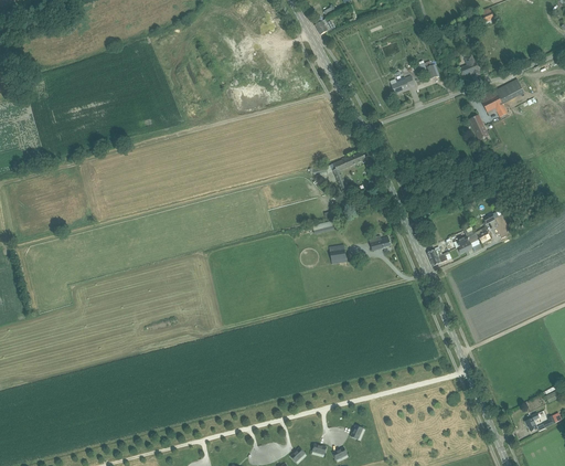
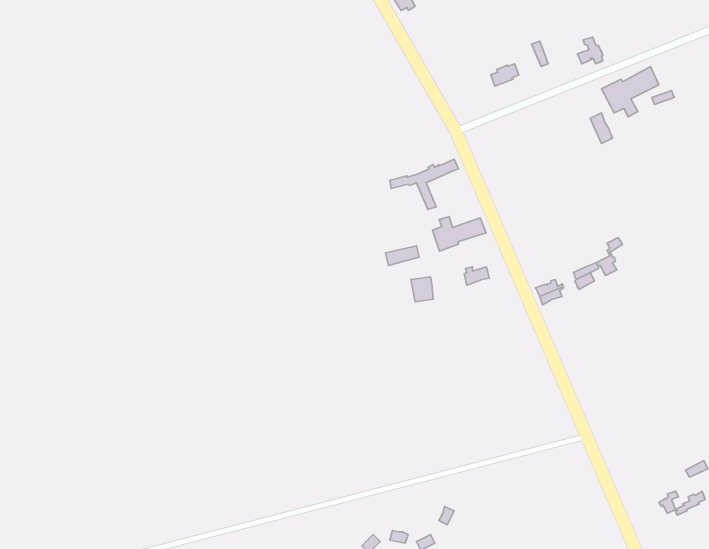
building: none -> [433,216,486,251]

